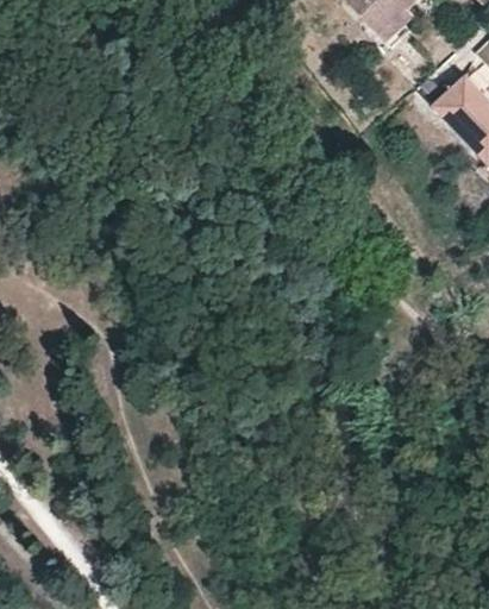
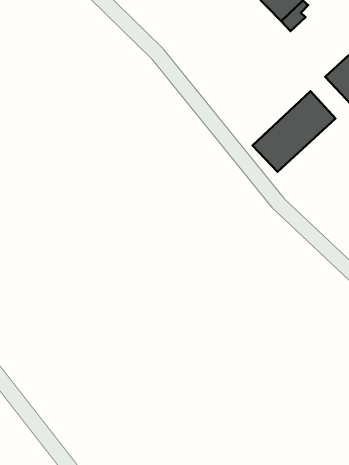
building: none -> [252,91,335,172]

